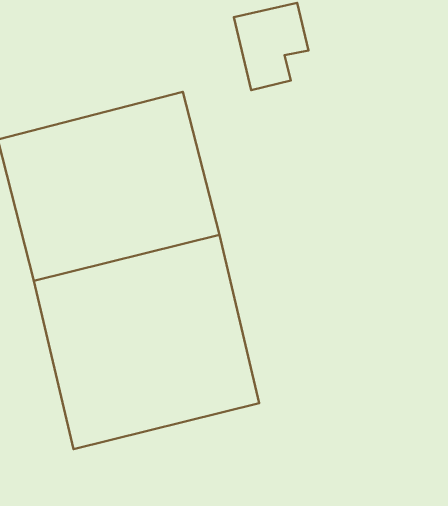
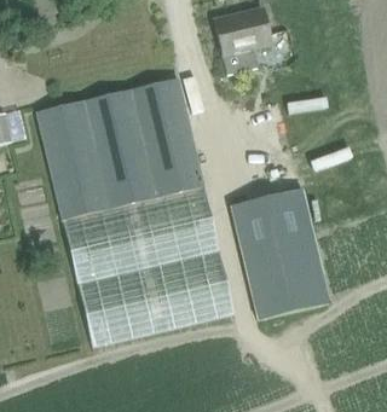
building: none -> [230,188,330,320]

